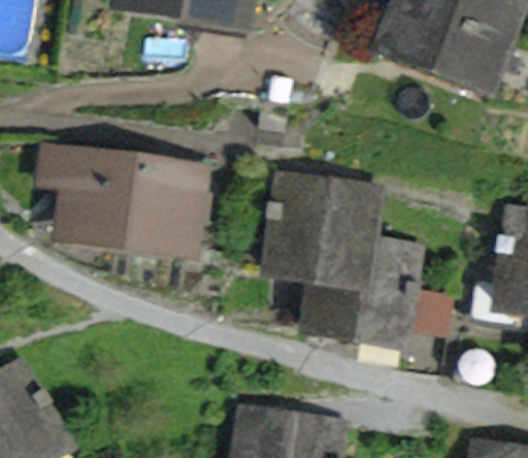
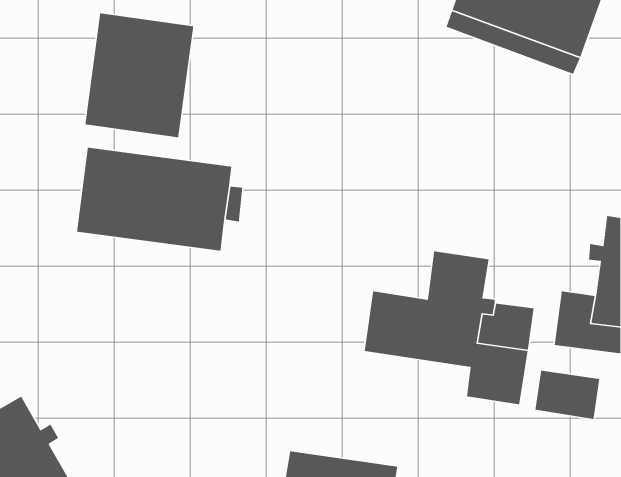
building: none -> [84,13,194,138]
building: [267,173,375,279] -> none

